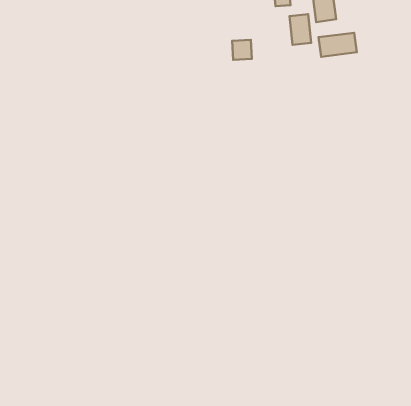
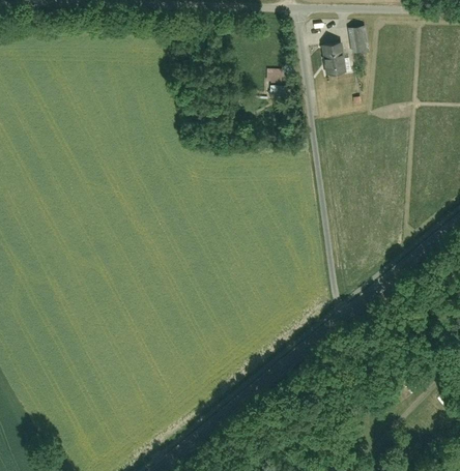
building: [319,33,357,57] -> none

